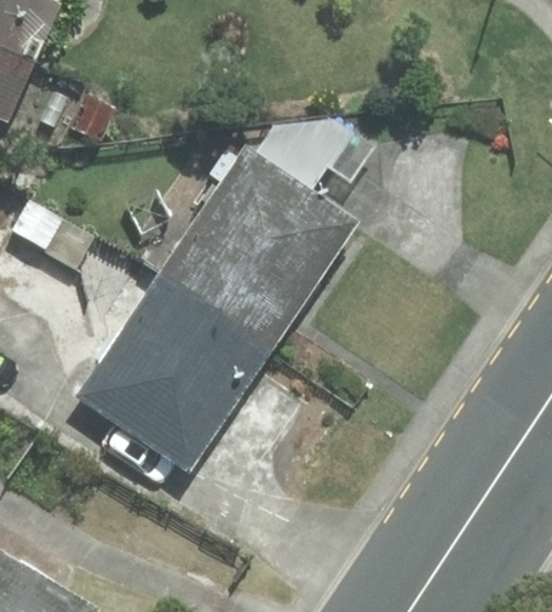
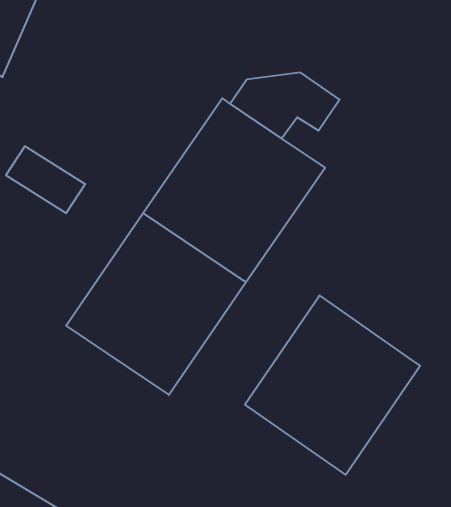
building: none -> [245,295,420,475]

